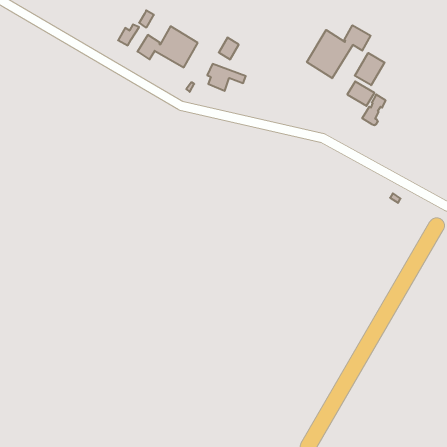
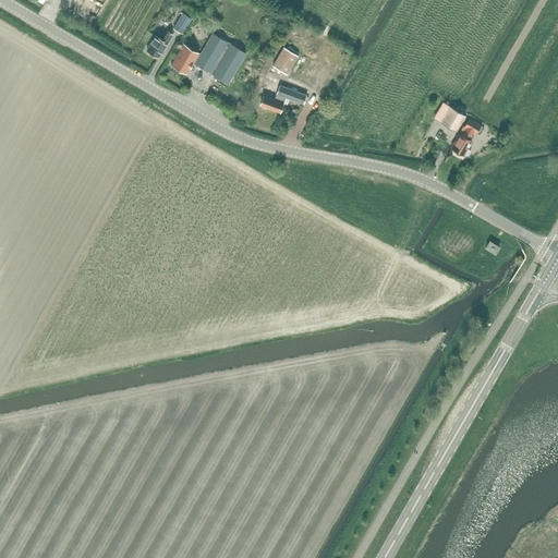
building: [307,25,371,78] -> none
building: [355,53,385,85] -> none

